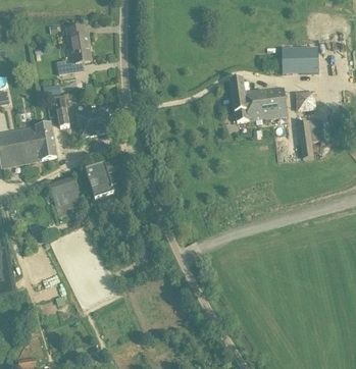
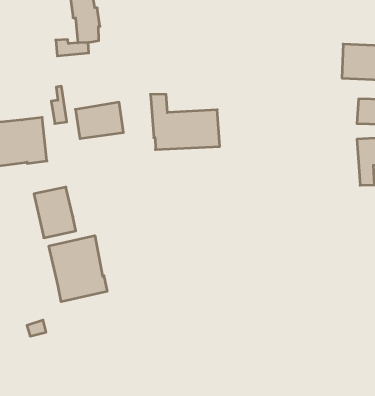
building: [230,76,287,120] -> [150,94,220,150]
building: [85,160,117,198] -> none
building: none -> [49,236,107,302]

